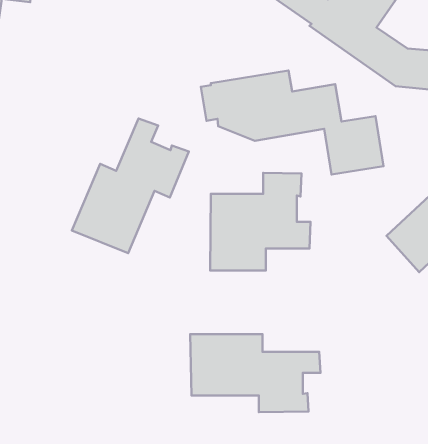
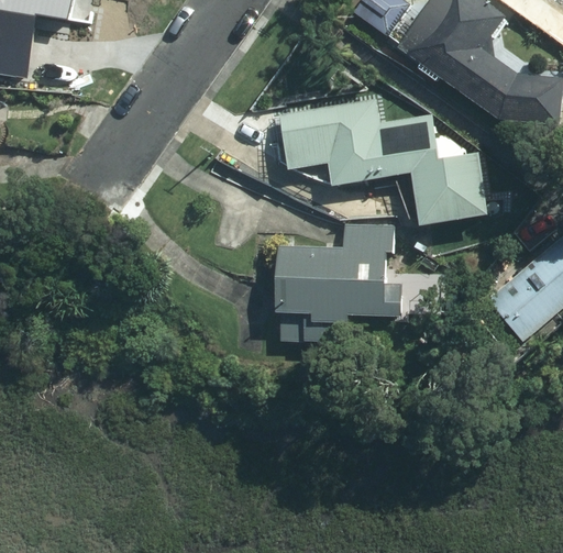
building: [72,118,189,253] -> none
building: [190,334,320,412] -> none

